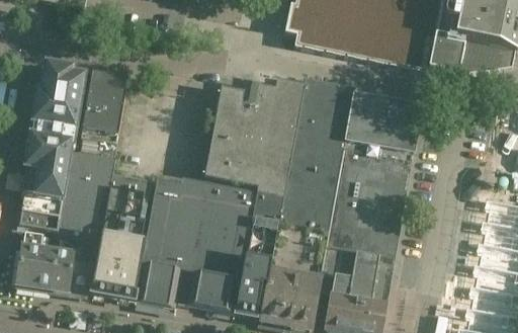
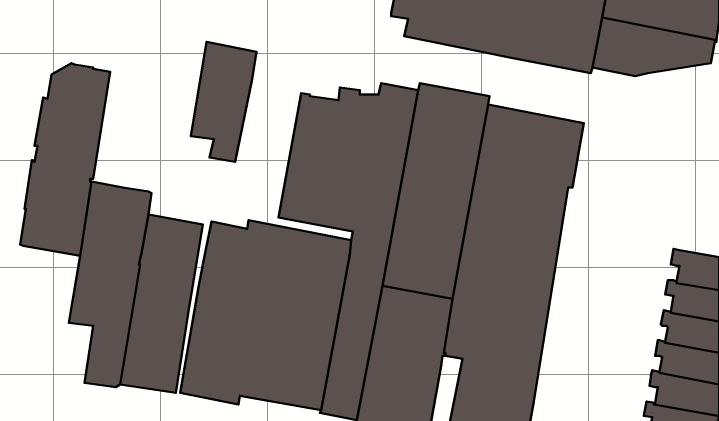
building: [81,72,127,157] -> [191,42,257,162]
building: [18,195,64,232] -> none
building: [15,232,73,293] -> none

